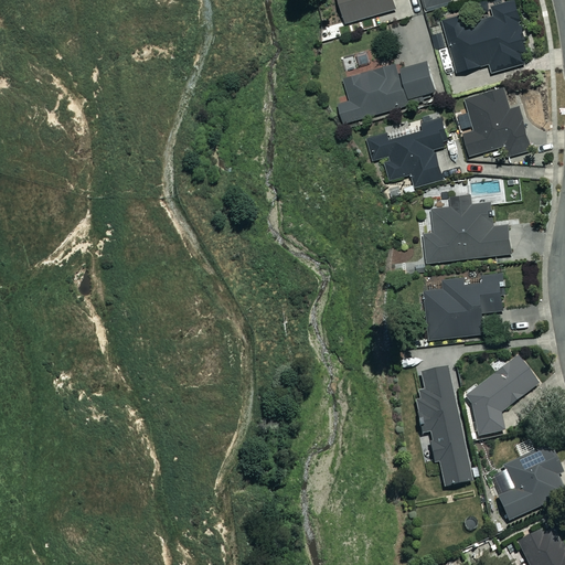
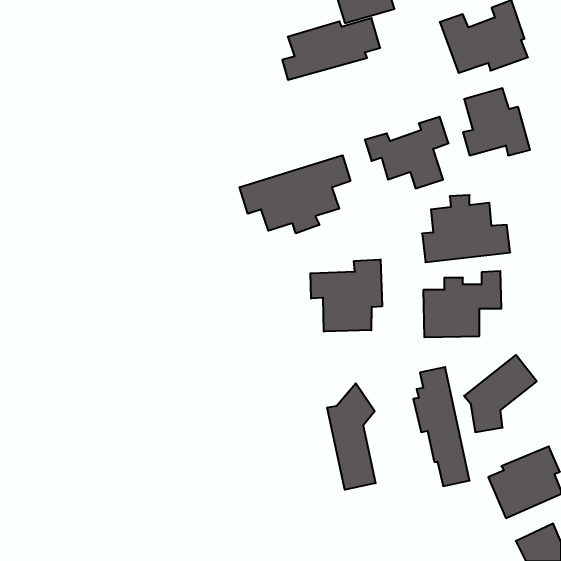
building: [338,62,436,124] -> [282,18,380,80]
building: none -> [240,155,350,233]
building: none -> [310,259,382,332]
building: none -> [327,383,376,490]

